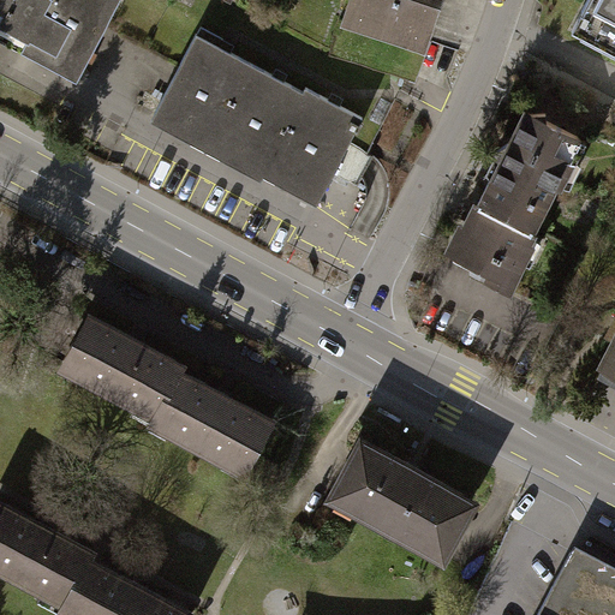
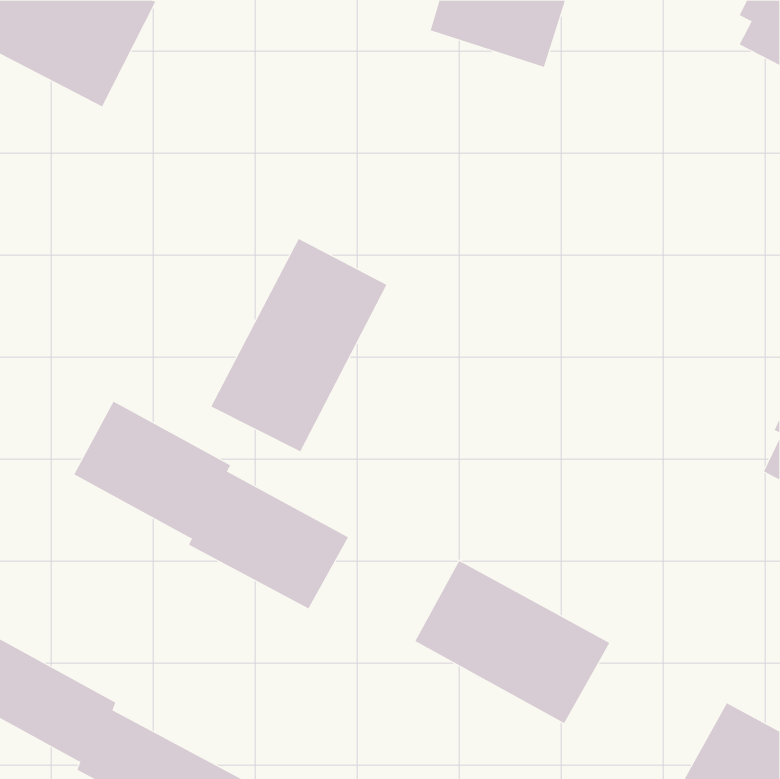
building: [150,36,360,202] -> none
building: [446,112,585,292] -> none
building: none -> [210,238,387,452]

